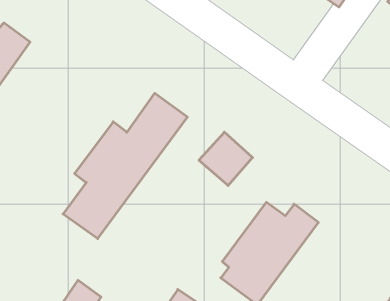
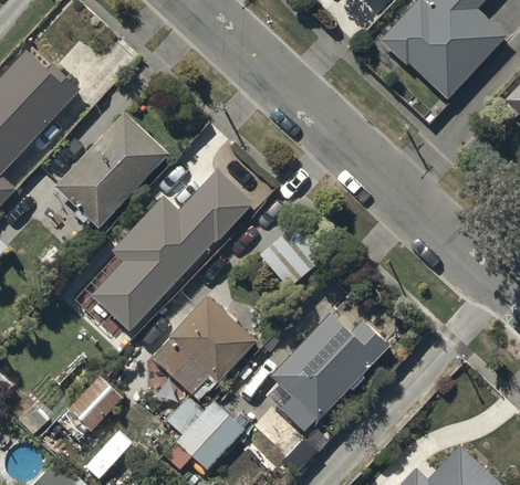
building: none -> [55,114,168,228]
building: none -> [152,296,257,401]

